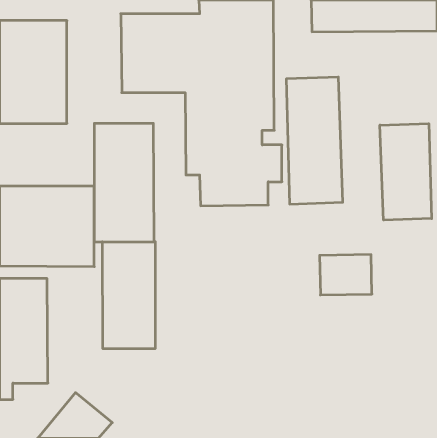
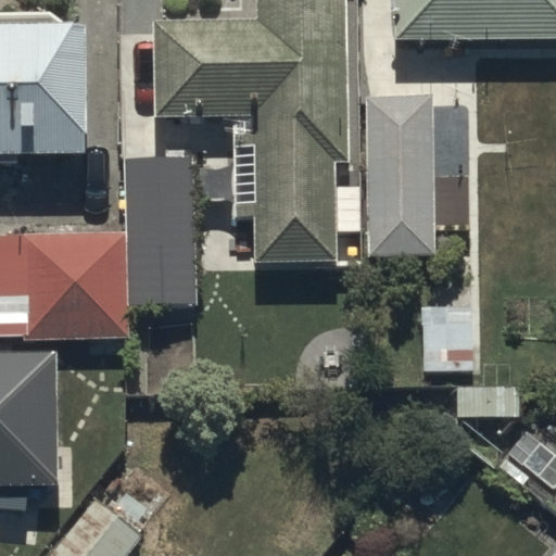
building: [380,124,432,220] -> none
building: [102,242,155,349] -> none

